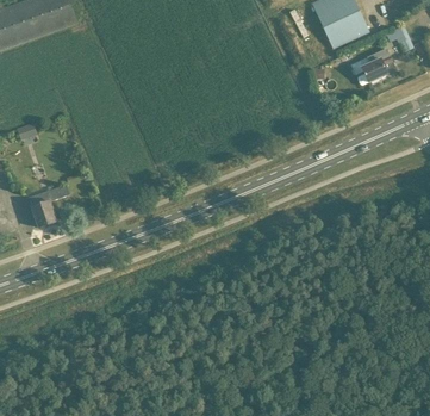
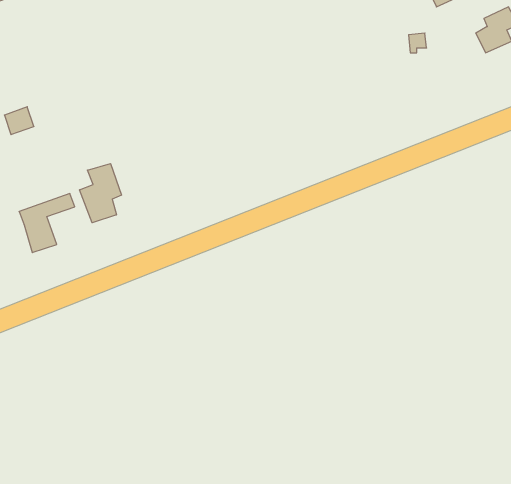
building: none -> [80,164,122,223]

